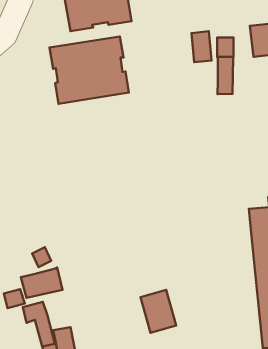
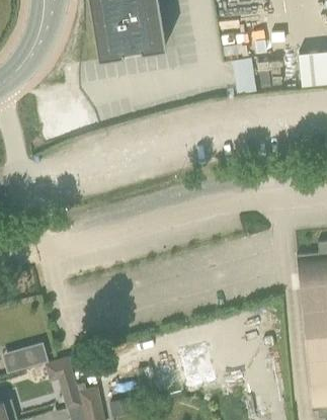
building: [49,37,129,104] -> none
building: [218,57,233,94] -> none
building: [21,268,62,298] -> none

